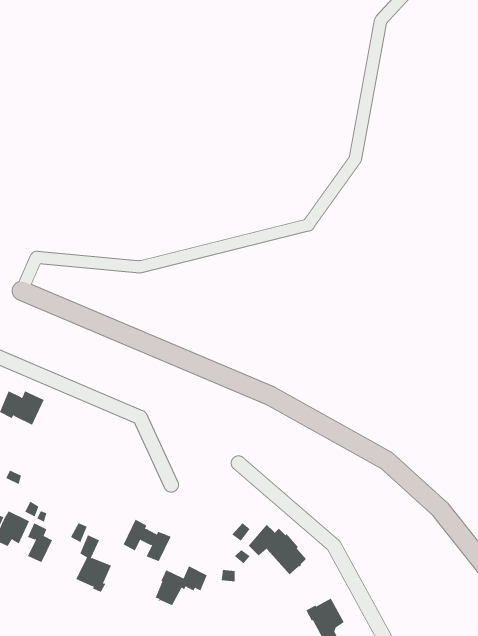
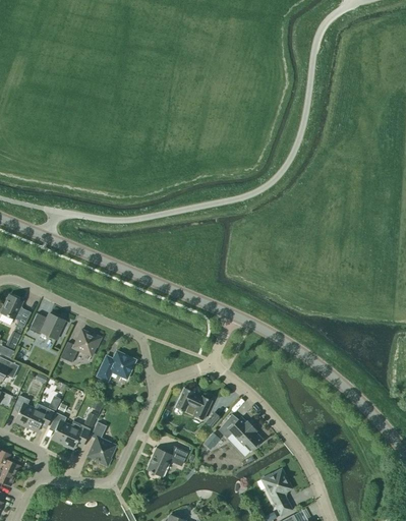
building: none -> [60,329,101,362]
building: none -> [96,351,135,381]
building: [123,519,171,562] -> [175,387,212,419]
building: none -> [62,420,90,448]

